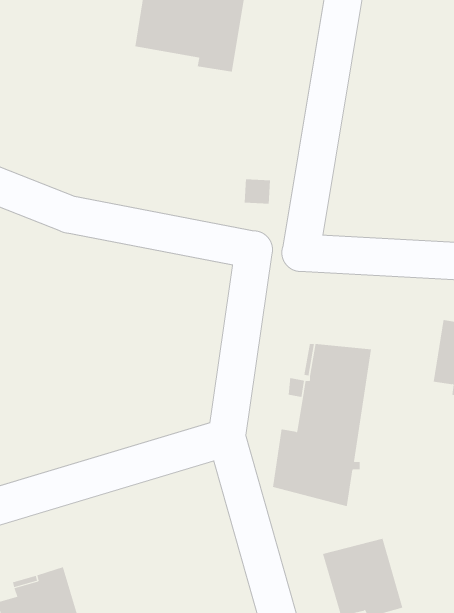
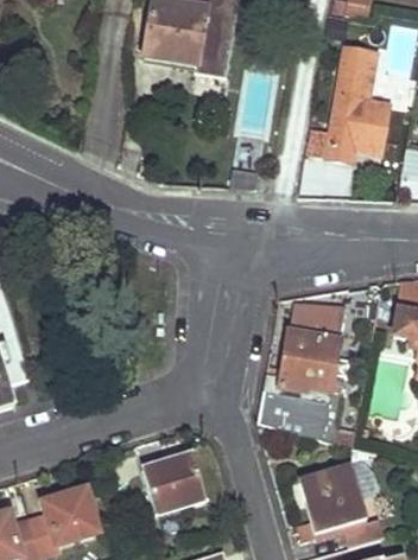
building: none -> [327,46,390,160]
building: none -> [142,452,205,513]

